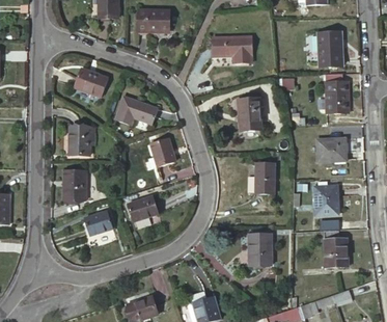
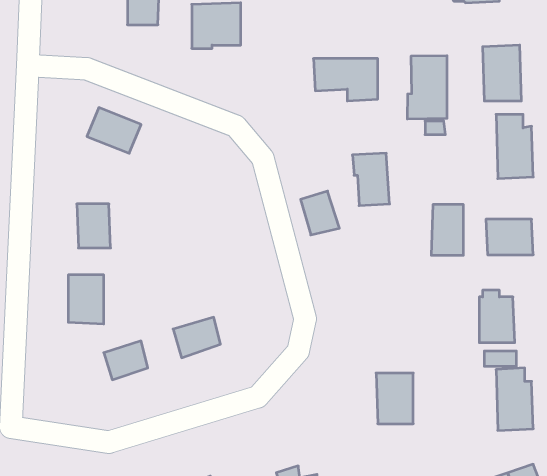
building: none -> [407,56,447,119]
building: [115,97,159,128] -> none
building: [151,141,175,168] -> [301,191,339,235]
building: [255,164,275,195] -> [431,205,463,255]

